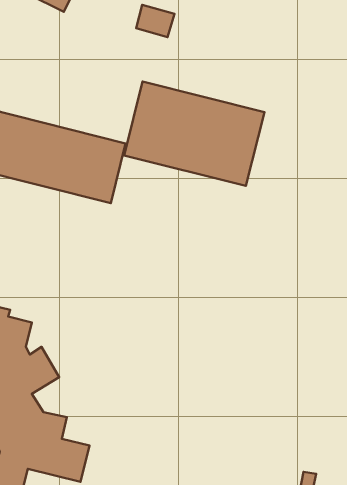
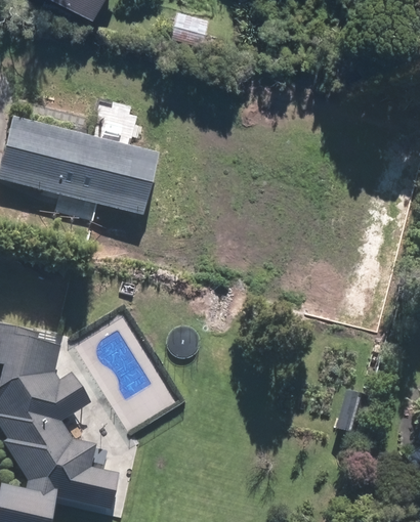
building: [124,82,265,186] -> none

